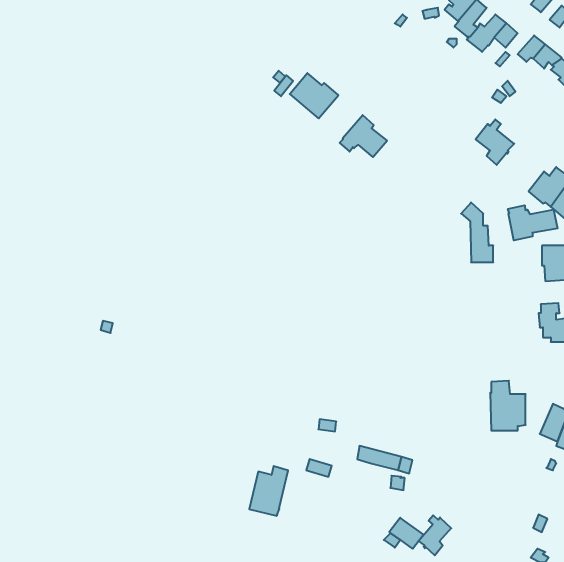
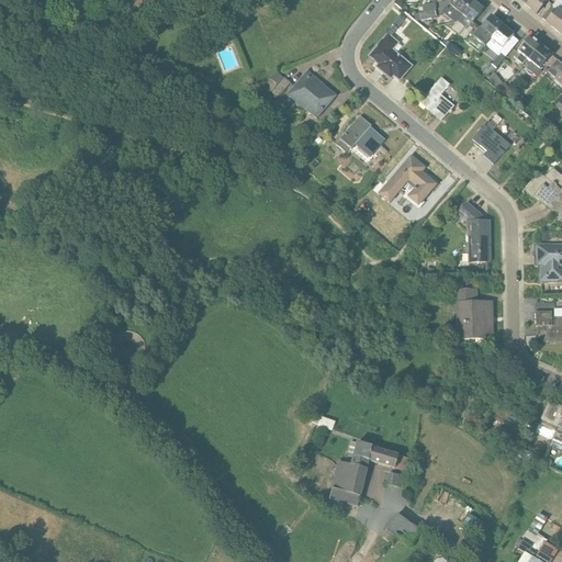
building: none -> [374,33,413,79]
building: none -> [419,76,456,120]
building: none -> [380,159,437,204]
building: [508,205,558,240] -> none
building: [490,381,526,431] -> [458,288,493,337]
building: [249,466,288,516] -> [331,456,370,505]
building: [418,515,451,555] -> none

